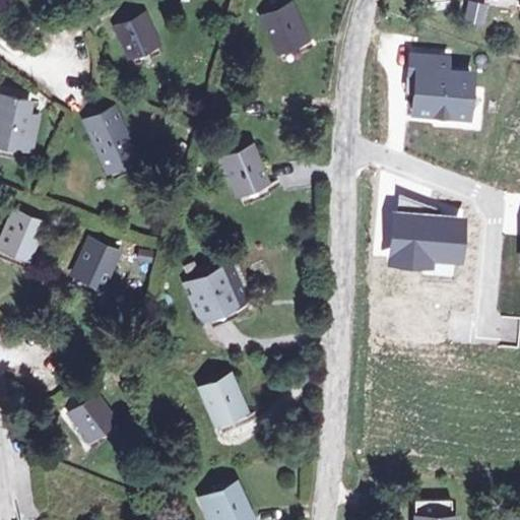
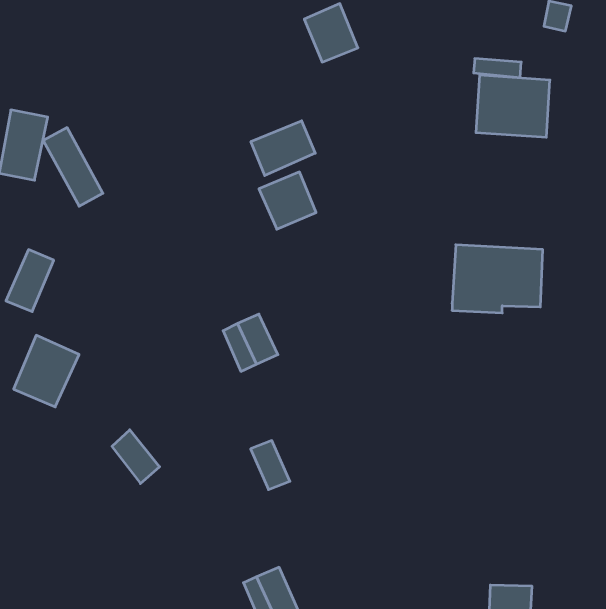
building: [118,19,156,68] -> none
building: none -> [251,121,315,176]
building: [91,112,142,179] -> [43,128,103,206]
building: [65,236,121,297] -> [14,335,79,407]
building: [82,396,123,442] -> [112,430,160,484]

